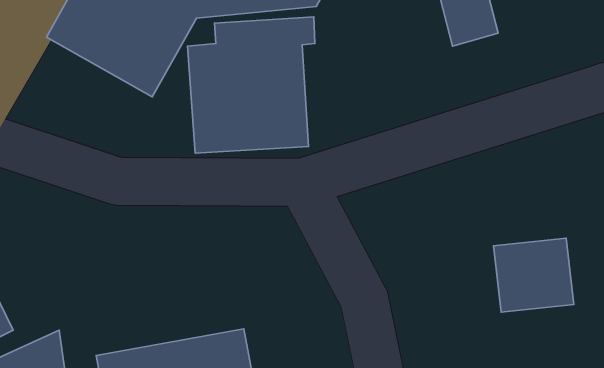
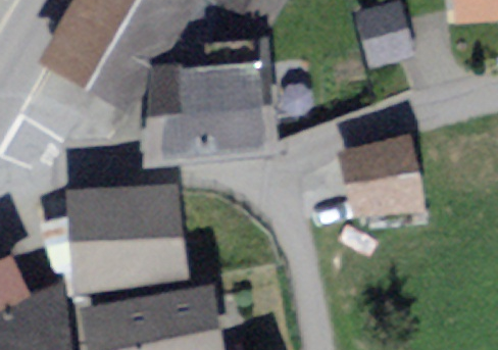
building: none -> [73,182,181,281]
building: [493,238,574,312] -> [350,143,414,202]

